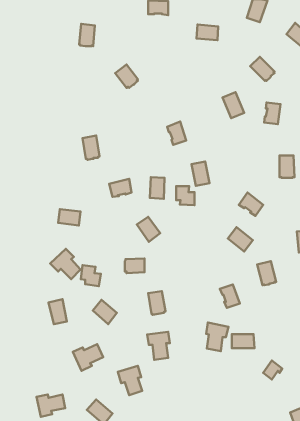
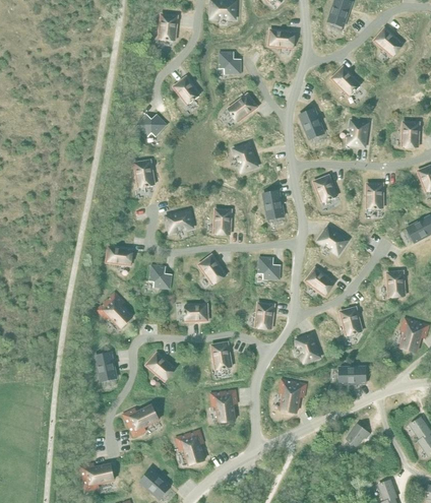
building: [79,24,95,46] -> [159,14,177,41]
building: none -> [219,52,241,73]
building: none -> [228,93,257,121]
building: none -> [136,114,167,136]
building: none -> [313,175,336,202]
building: [176,186,194,205] -> [258,257,280,279]
building: none -> [255,302,274,328]
building: [81,265,101,286] -> [148,264,172,289]
building: [232,334,254,348] -> [340,367,366,383]

